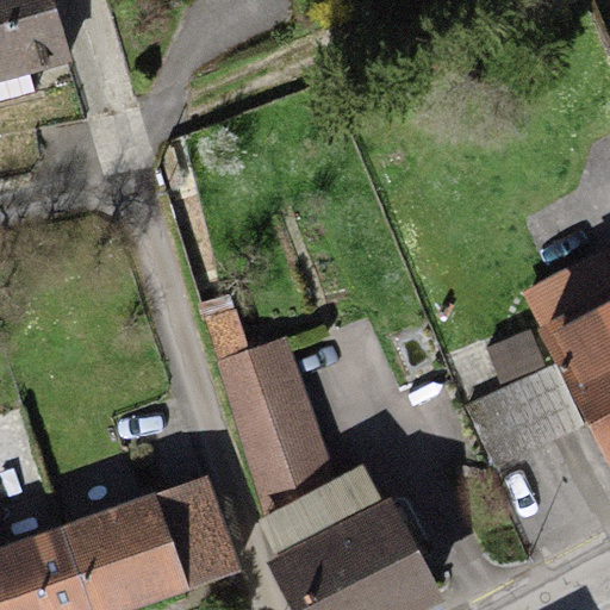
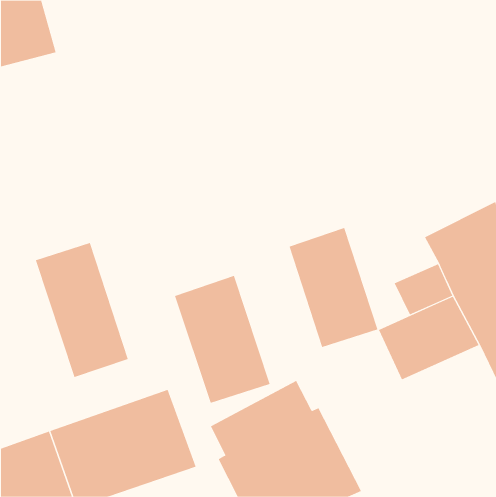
building: none -> [289,227,378,348]
building: none -> [35,242,128,378]

